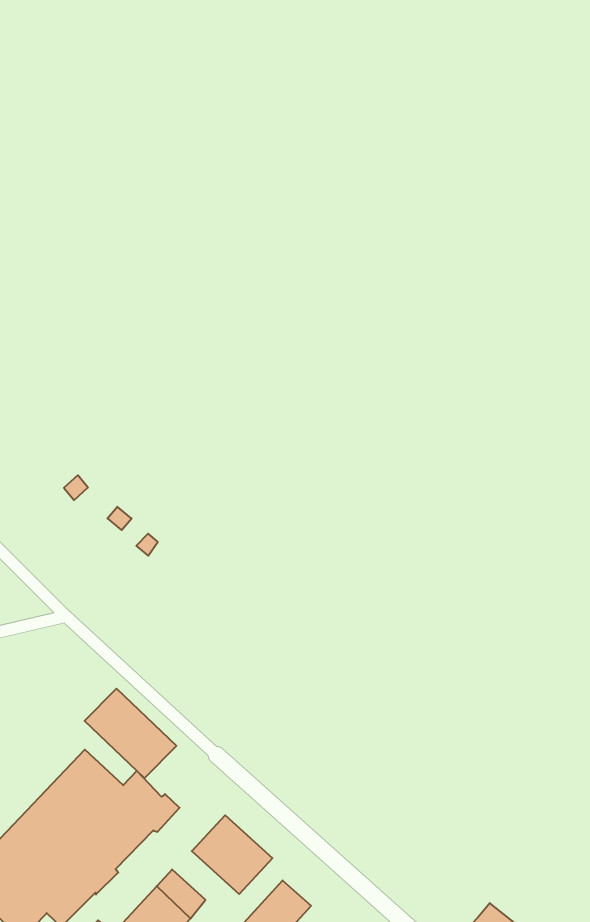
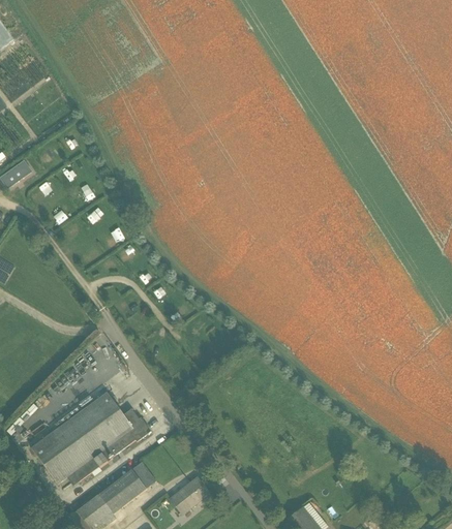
building: [85,689,176,778] -> none
building: [192,815,272,894] -> none

